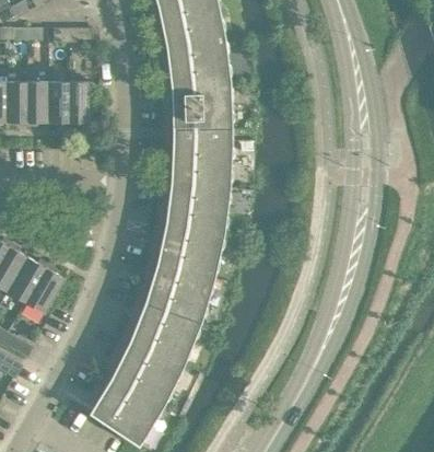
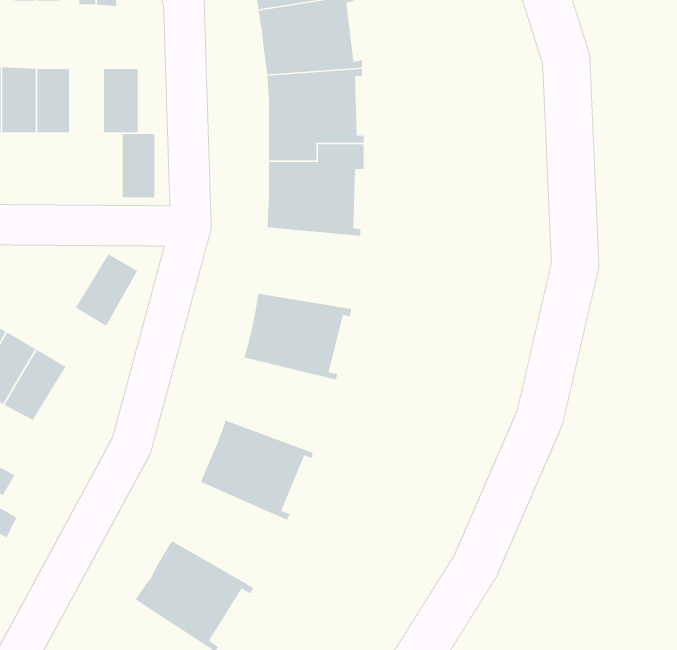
building: [49,81,70,121] -> [122,133,155,198]
building: [166,181,231,231] -> none
building: [145,262,215,321] -> none
building: [26,267,66,313] -> [75,253,138,327]
building: [113,339,185,405] -> none

